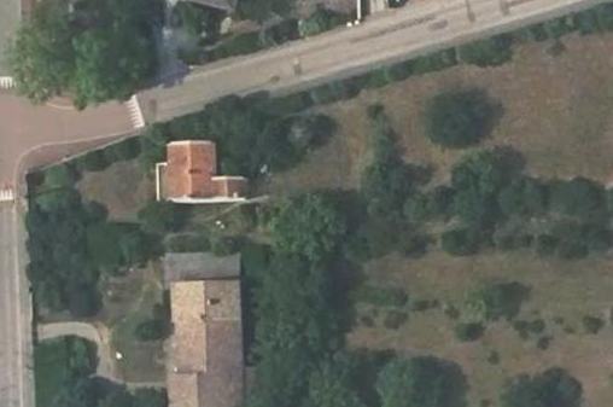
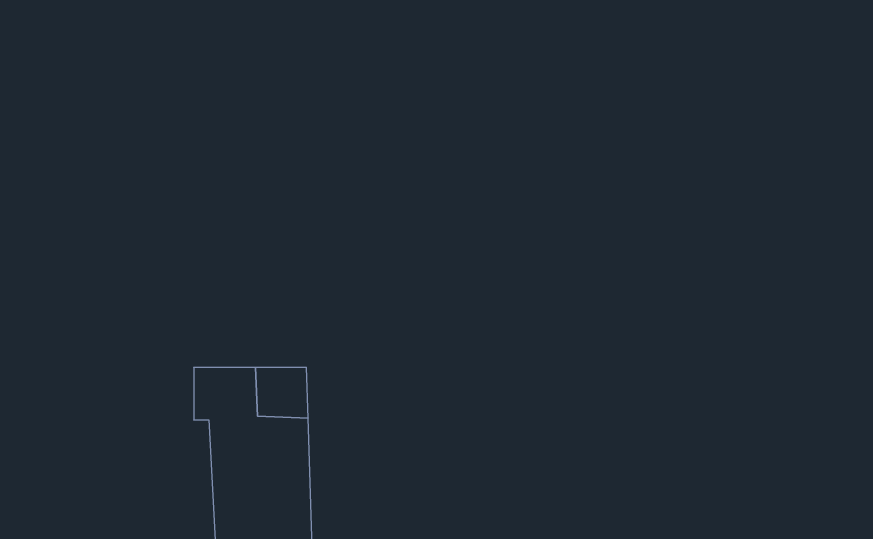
building: [169,145,244,203] -> none

